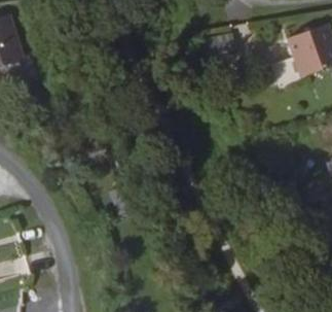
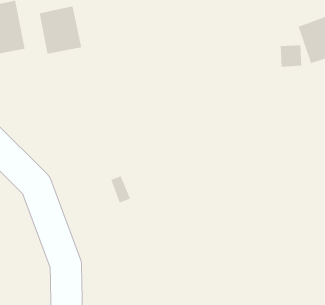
building: none -> [39,6,82,55]

